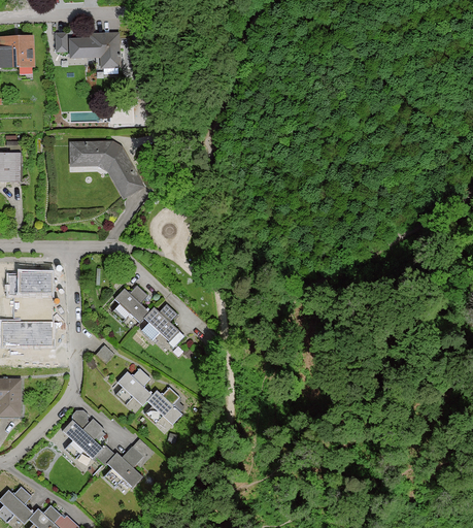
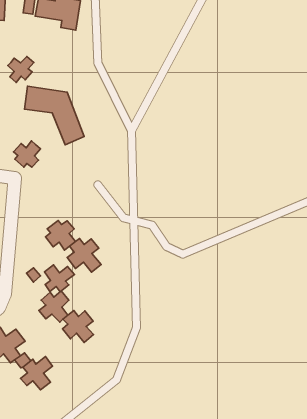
building: none -> [8,56,34,82]
building: none -> [14,141,41,167]
building: none -> [45,265,74,292]

